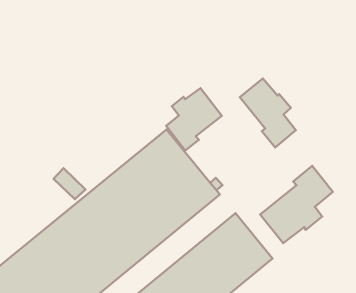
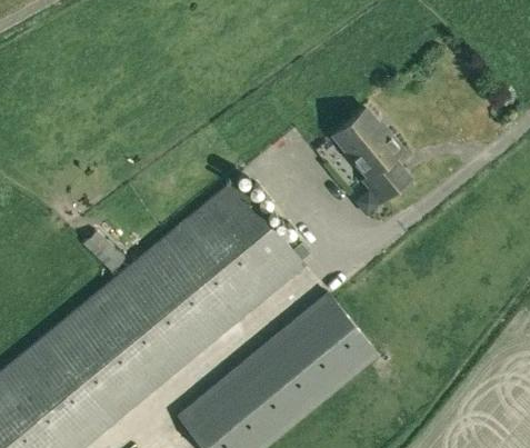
building: [166,88,222,151] -> none
building: [260,166,333,243] -> none

